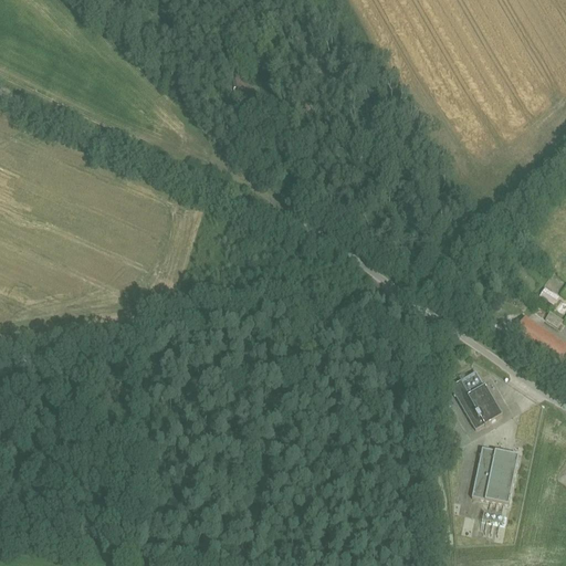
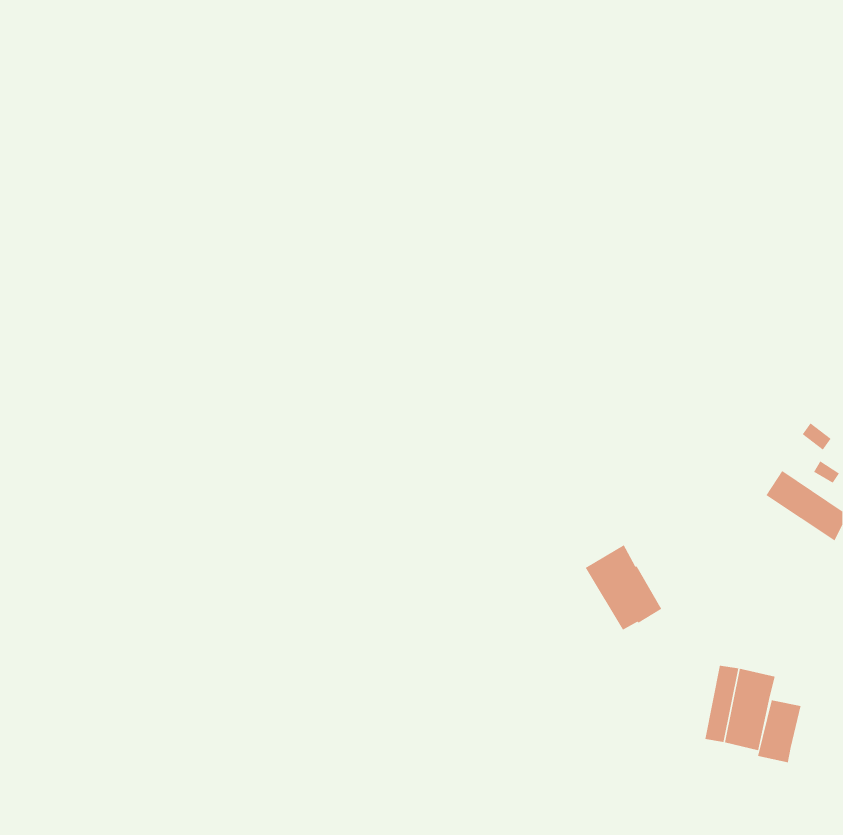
building: [450,369,502,427] -> [585,545,662,630]
building: none -> [757,699,801,763]

